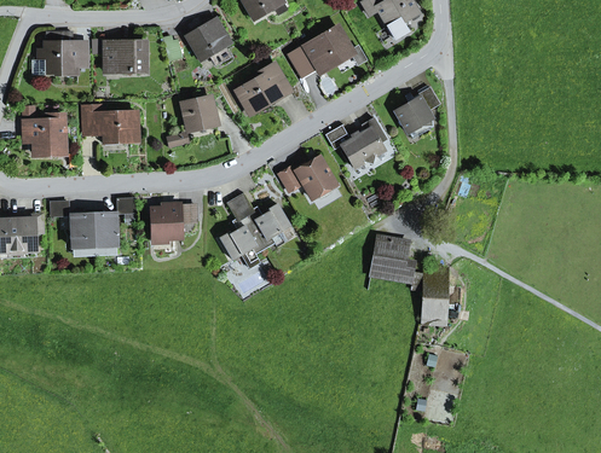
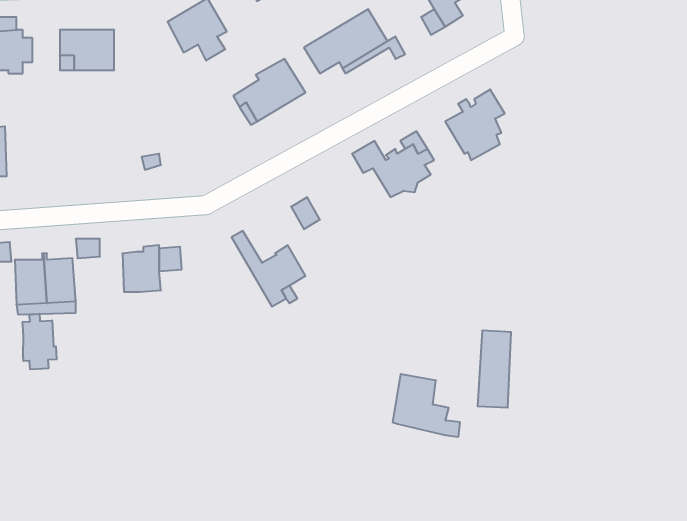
building: [183,98,215,129] -> none
building: [83,105,138,139] -> none
building: [296,157,336,198] -> none
building: [220,197,265,268] -> none
building: [371,237,422,284] -> [393,374,460,437]
building: none -> [23,314,57,369]

